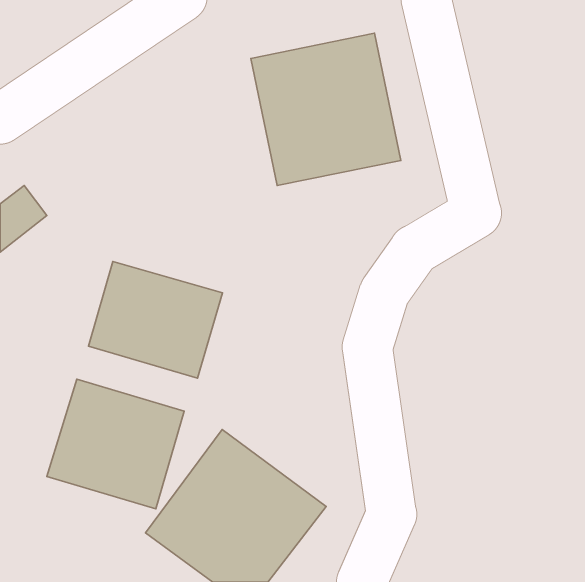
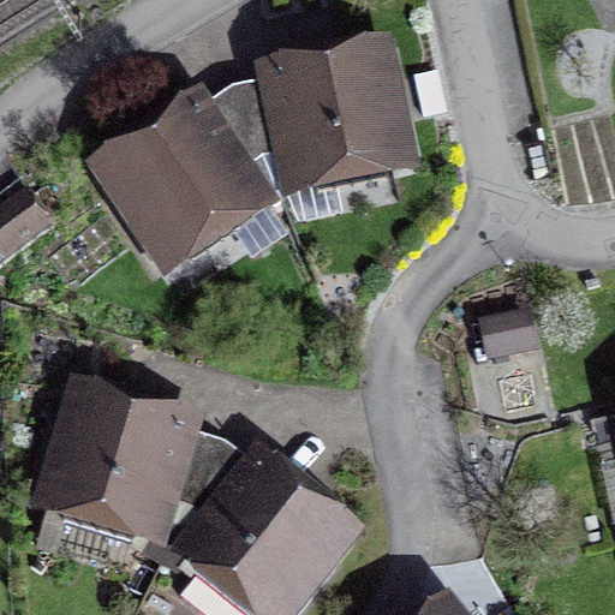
building: none -> [94,74,275,255]
building: [88,261,223,378] -> none

